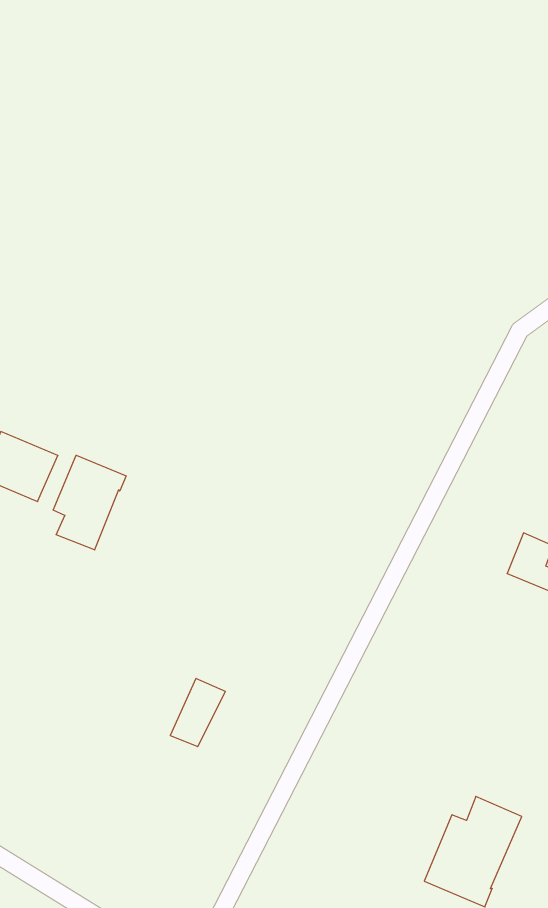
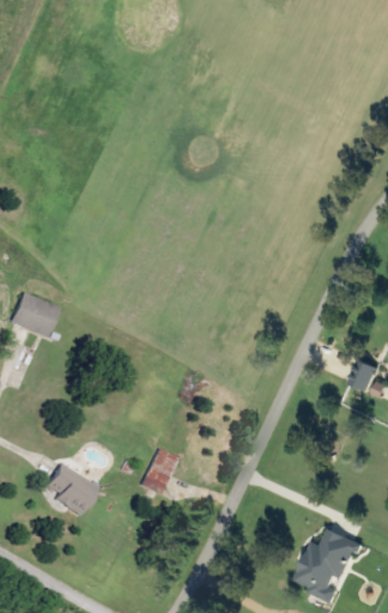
building: [53,455,126,550] -> none
building: none -> [40,465,90,518]

